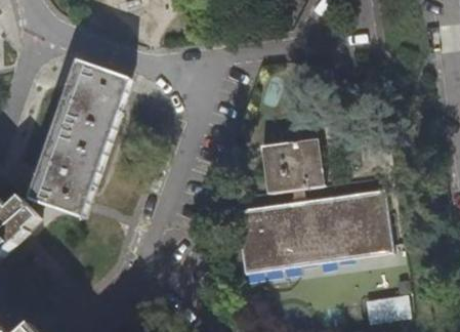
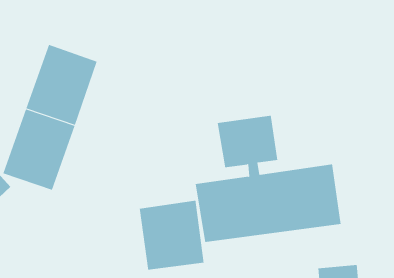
building: none -> [139,200,204,271]

